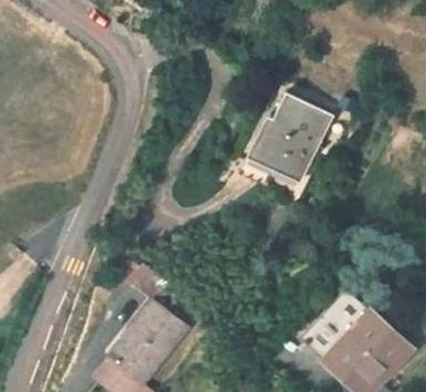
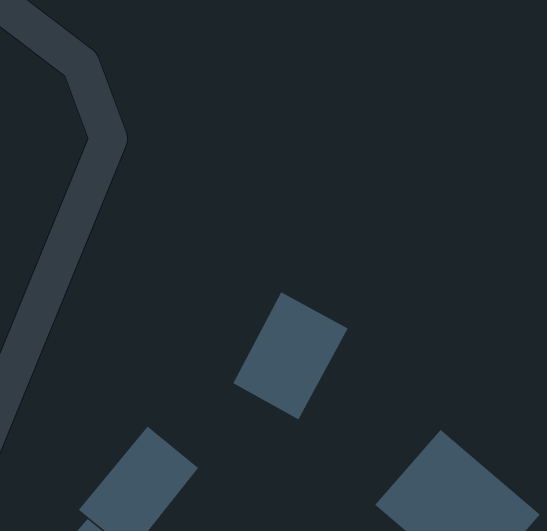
building: [265,98,345,186] -> [232,291,349,421]

